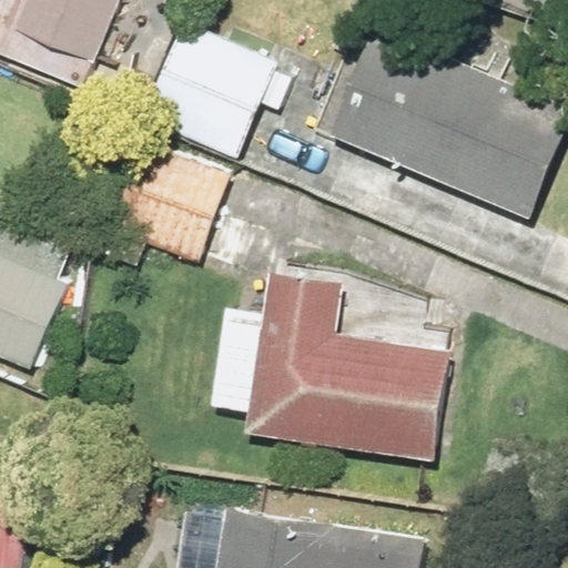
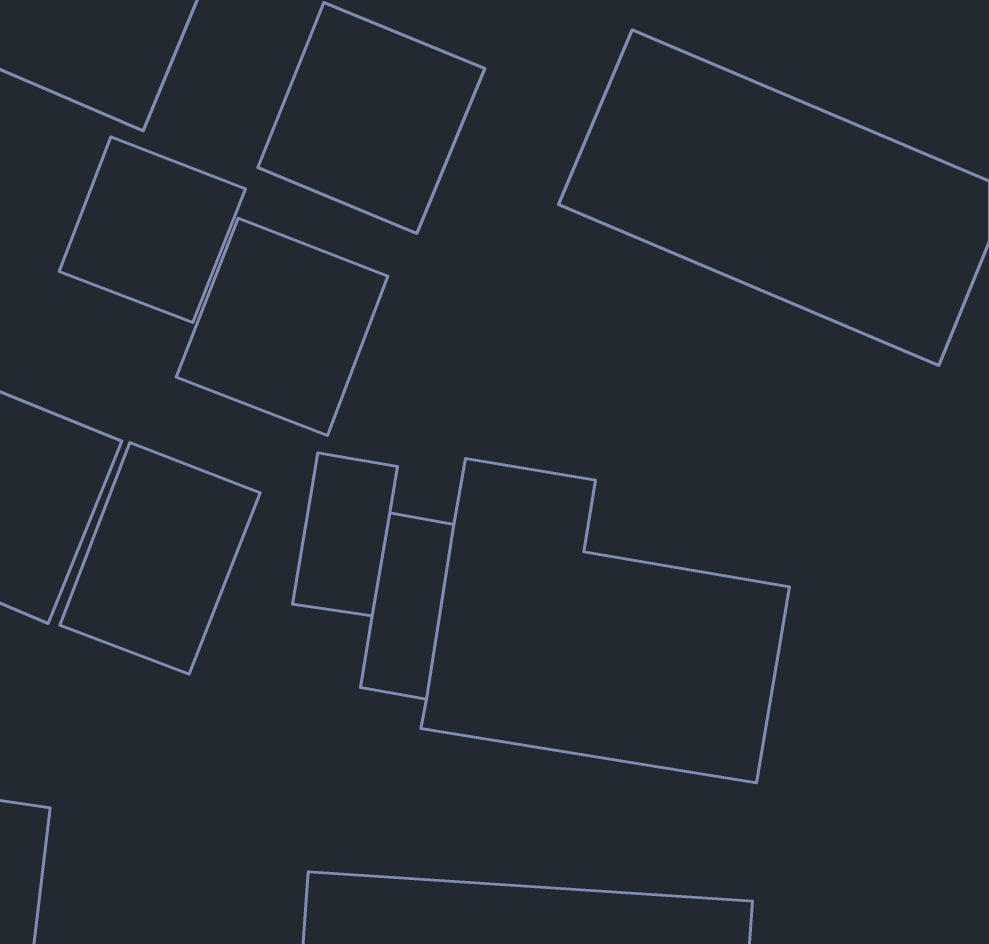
building: none -> [59,137,245,322]
building: none -> [60,443,260,674]

